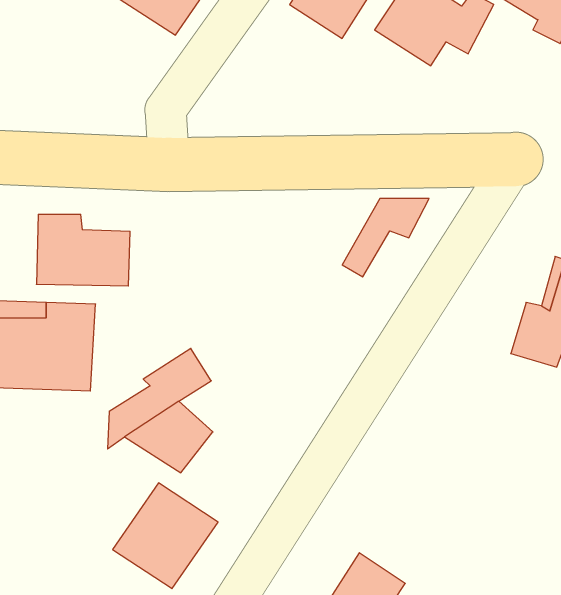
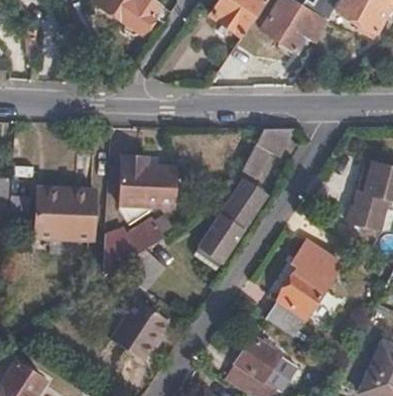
building: [36,214,130,286] -> [122,157,177,200]
building: none -> [199,180,266,263]
building: none -> [269,241,342,331]

